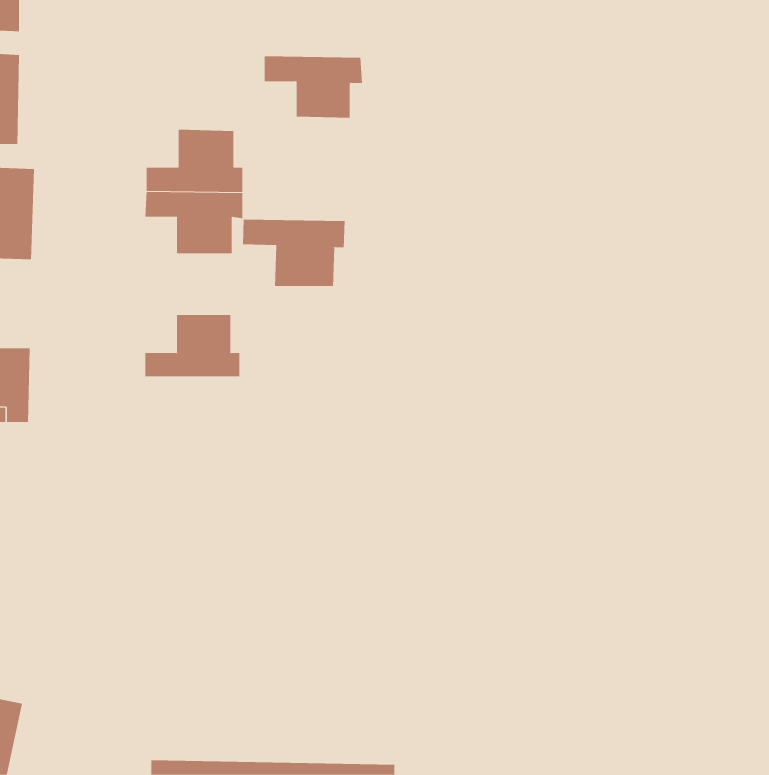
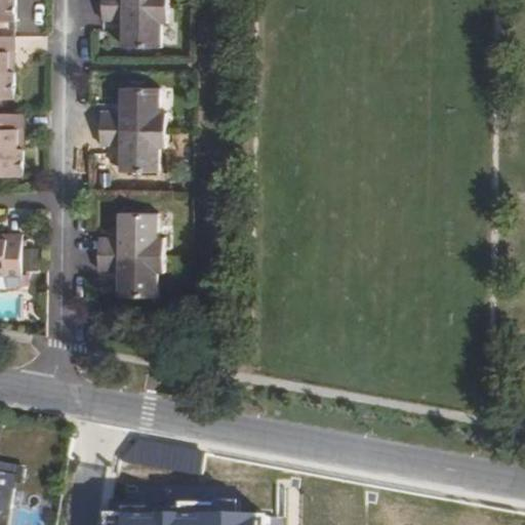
building: [264,56,363,118] -> [99,4,166,46]
building: [242,219,345,287] -> none
building: none -> [96,254,162,296]

